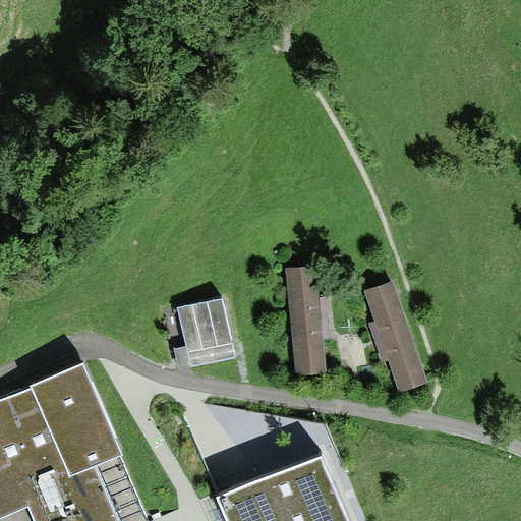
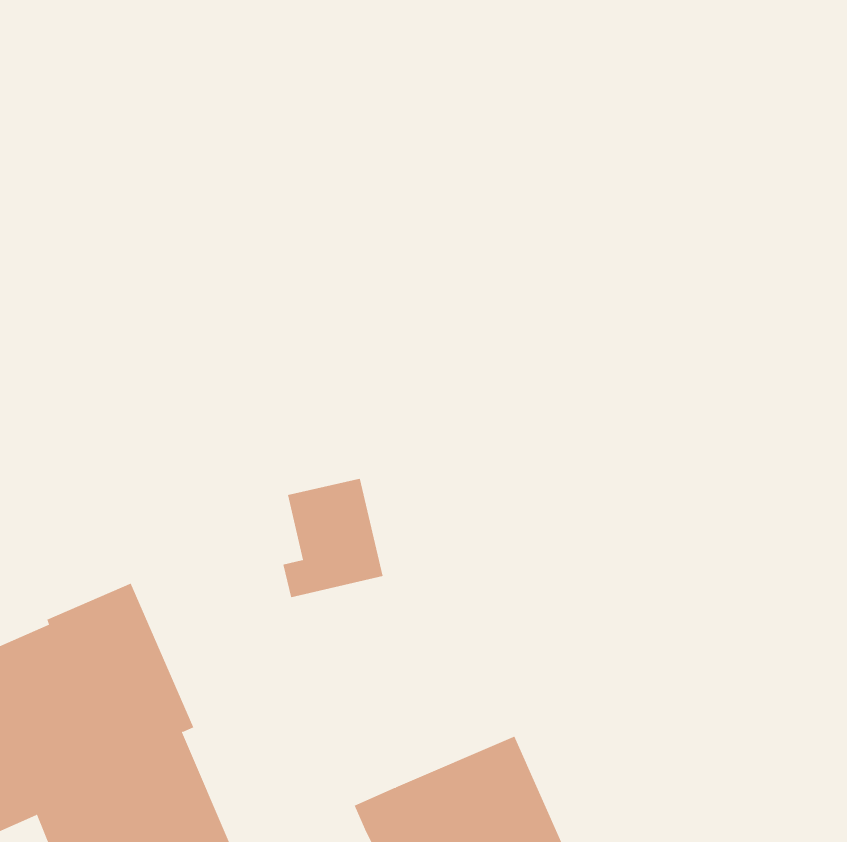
building: [286,268,326,377] -> none
building: [364,283,426,392] -> none

